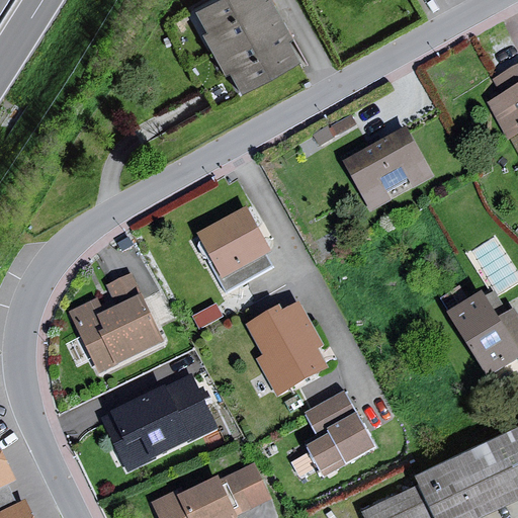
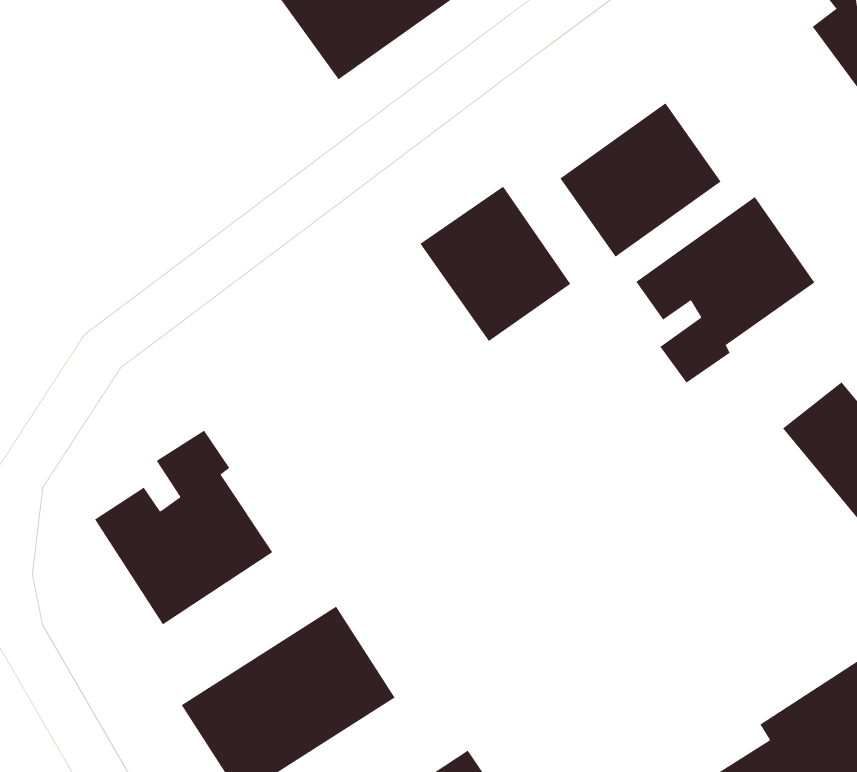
building: none -> [636,196,815,383]
building: [194,210,273,293] -> [419,186,571,342]
building: [246,305,328,396] -> none
building: [292,392,376,478] -> none

